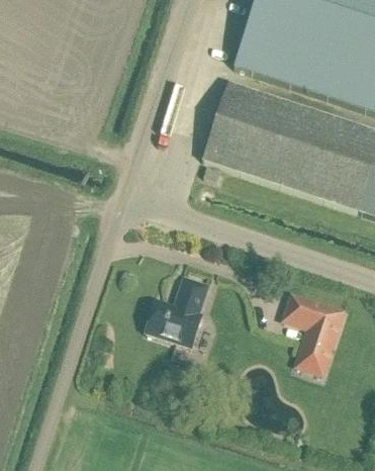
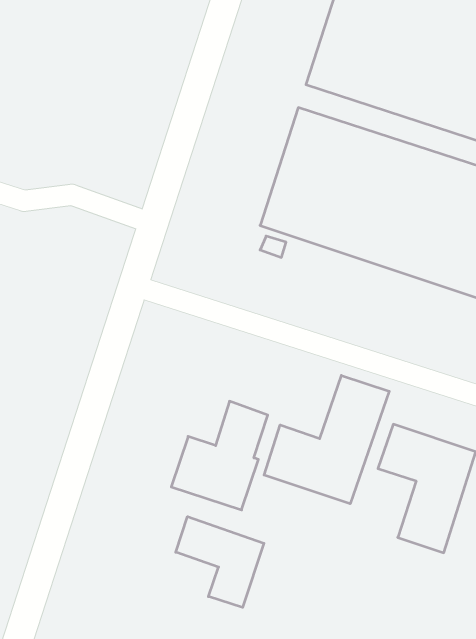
building: none -> [264,375,389,504]
building: none -> [176,517,264,607]

